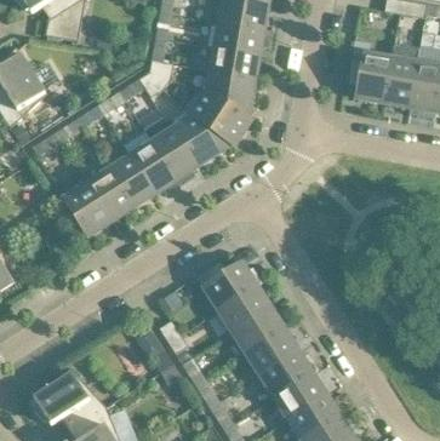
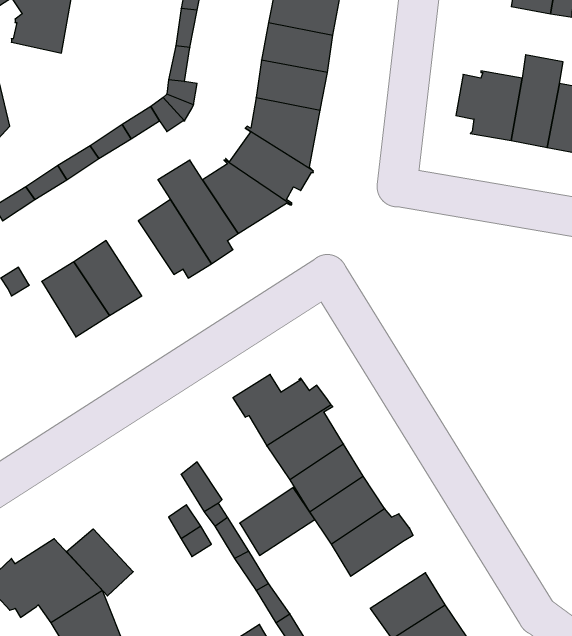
building: [108,156,154,207] -> none
building: none -> [66,529,133,596]
building: [274,373,325,419] -> [240,487,315,555]

